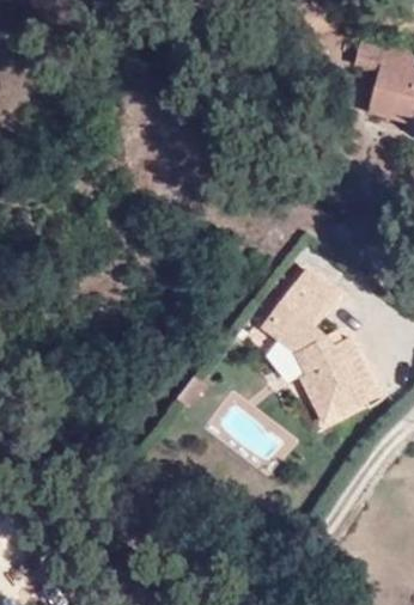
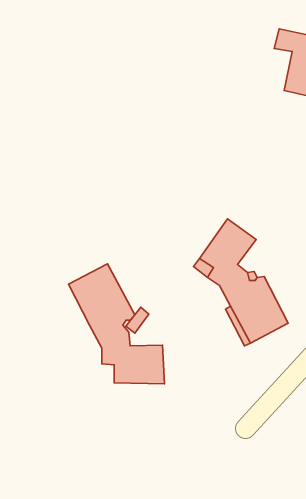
building: none -> [69,264,165,384]

